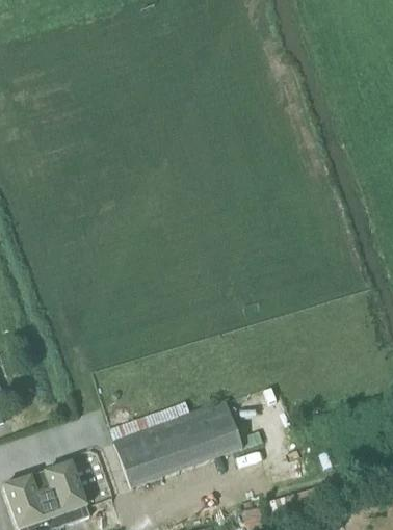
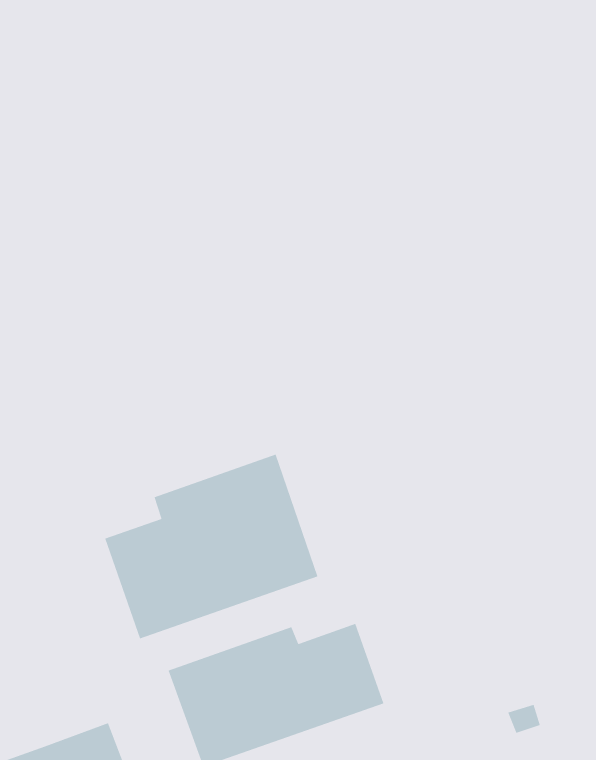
building: none -> [104,454,318,640]

